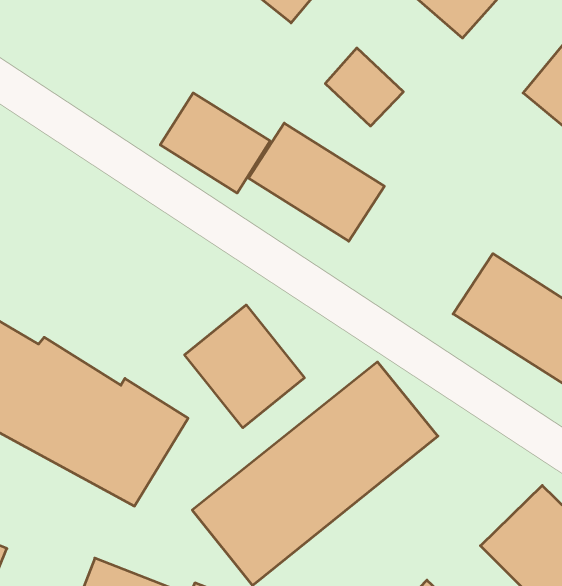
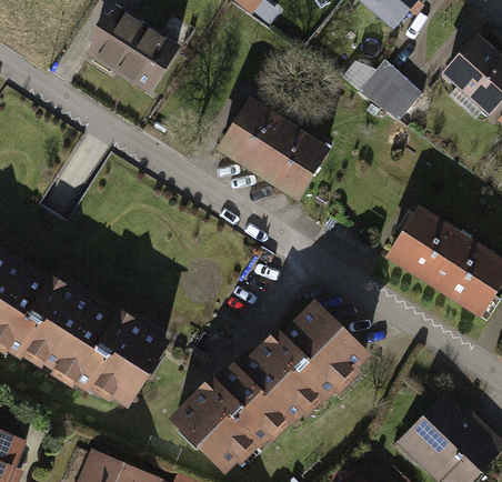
building: [325,48,403,126] -> [360,60,423,123]
building: [160,93,270,193] -> [89,11,178,92]
building: [185,305,304,428] -> none

